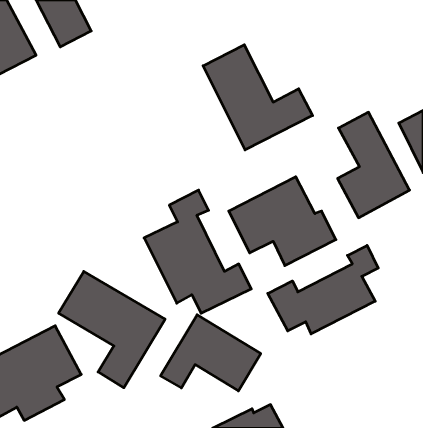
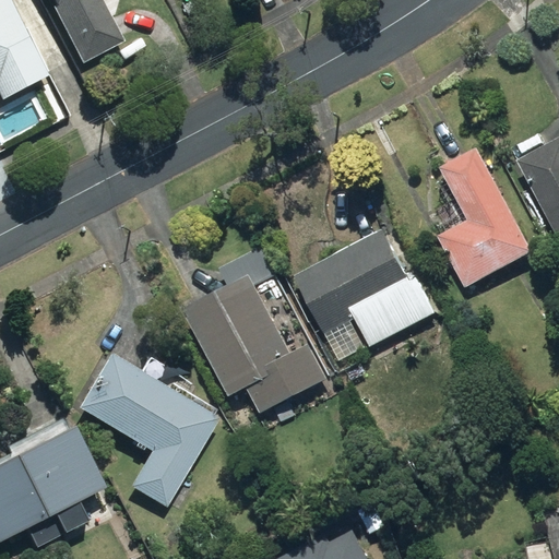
building: [203,45,313,150] -> none
building: [268,245,378,334] -> none
building: [161,315,261,391] -> none

